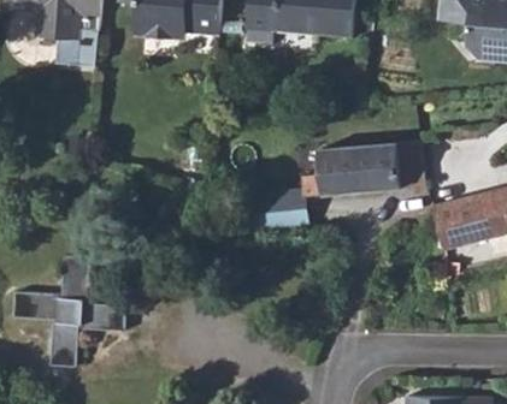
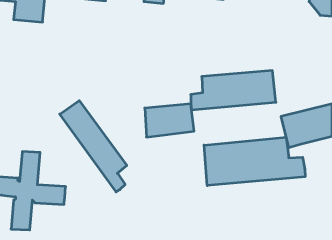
building: none -> [60,101,127,192]
building: none -> [204,137,305,186]

